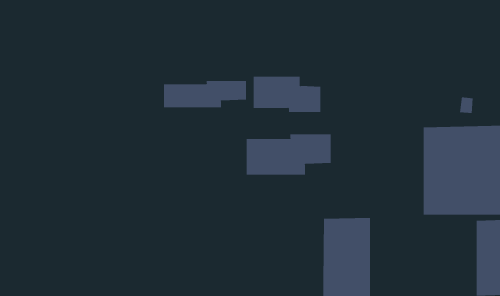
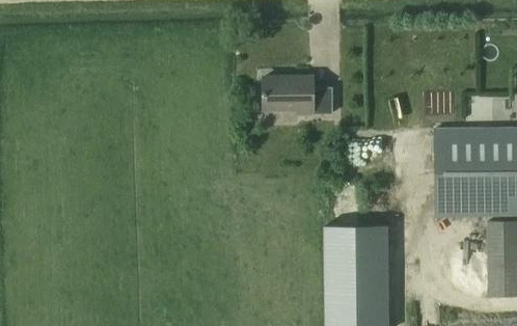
building: [164,80,247,108] -> none
building: [246,133,331,175] -> none

